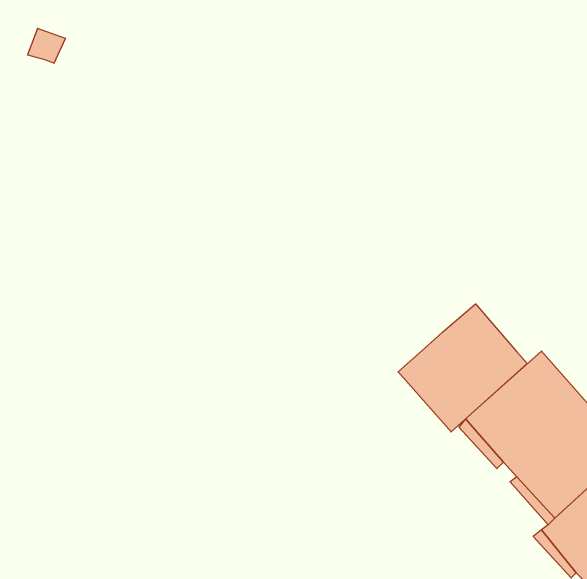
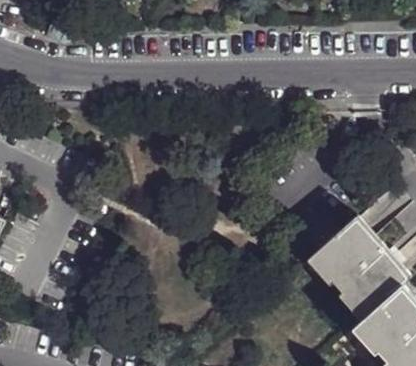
building: [398,304,527,432] -> none

